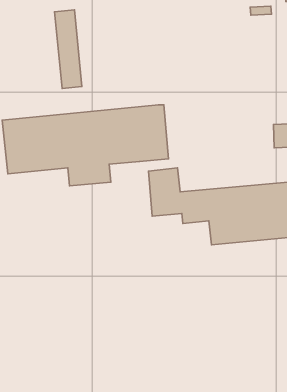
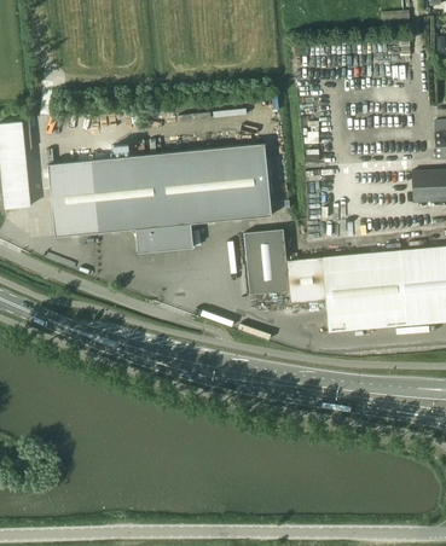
building: [55,10,82,89] -> none

